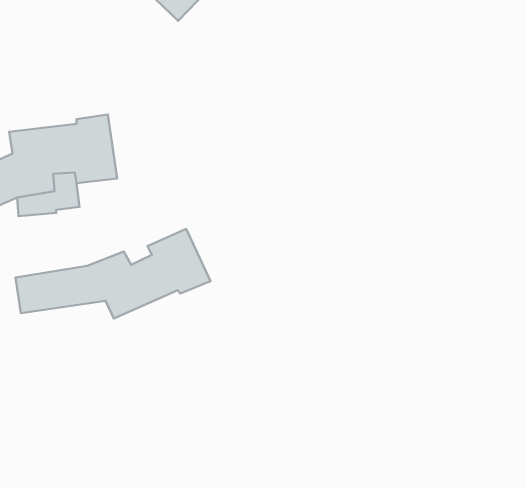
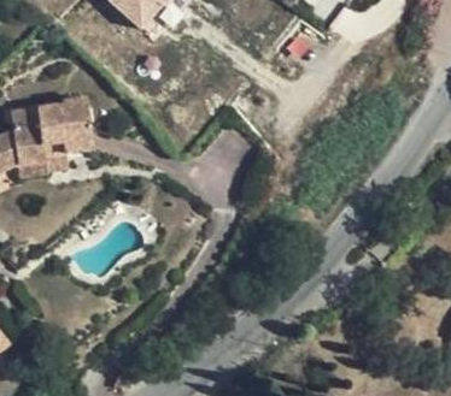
building: [16,229,210,318] -> none

